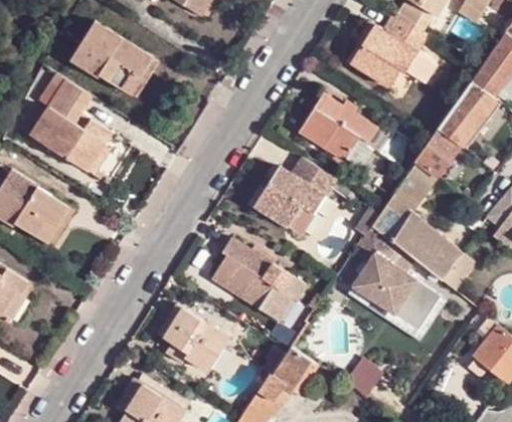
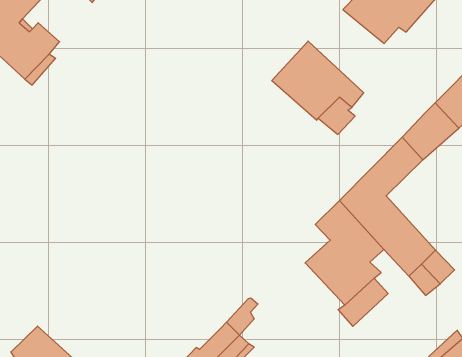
building: [255,161,336,237] -> none
building: [211,237,306,319] -> none
building: [154,302,223,368] -> none

